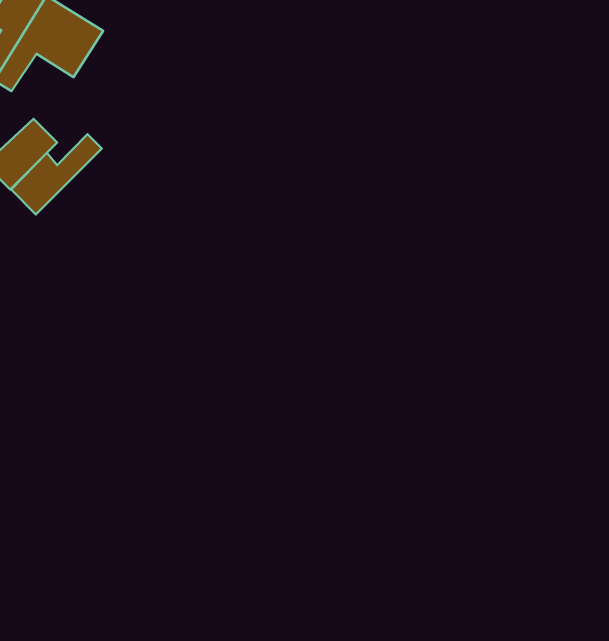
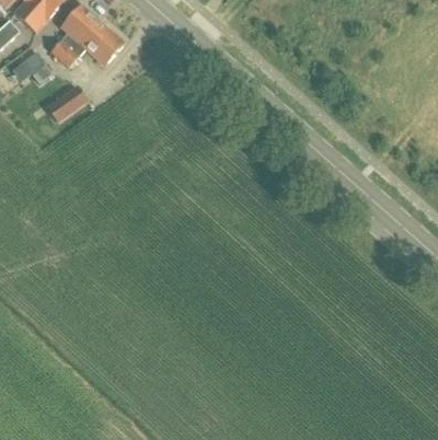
building: [11,134,102,214] -> none

